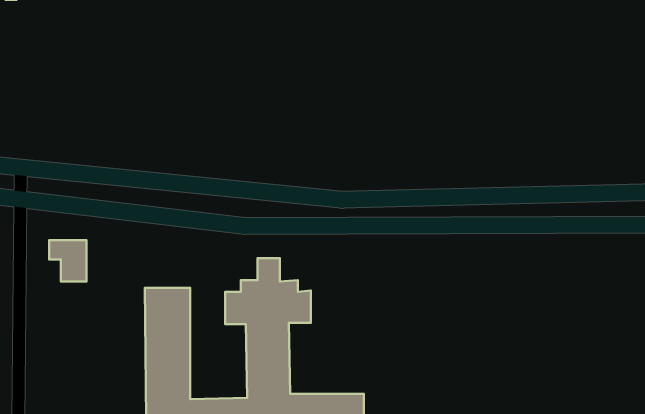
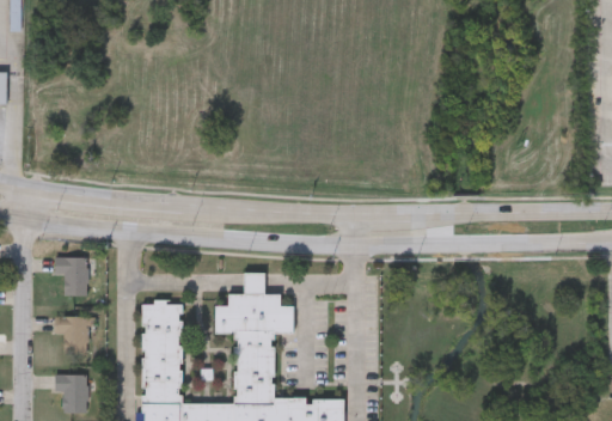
building: none -> [55,317,88,355]
building: none -> [55,374,87,413]

